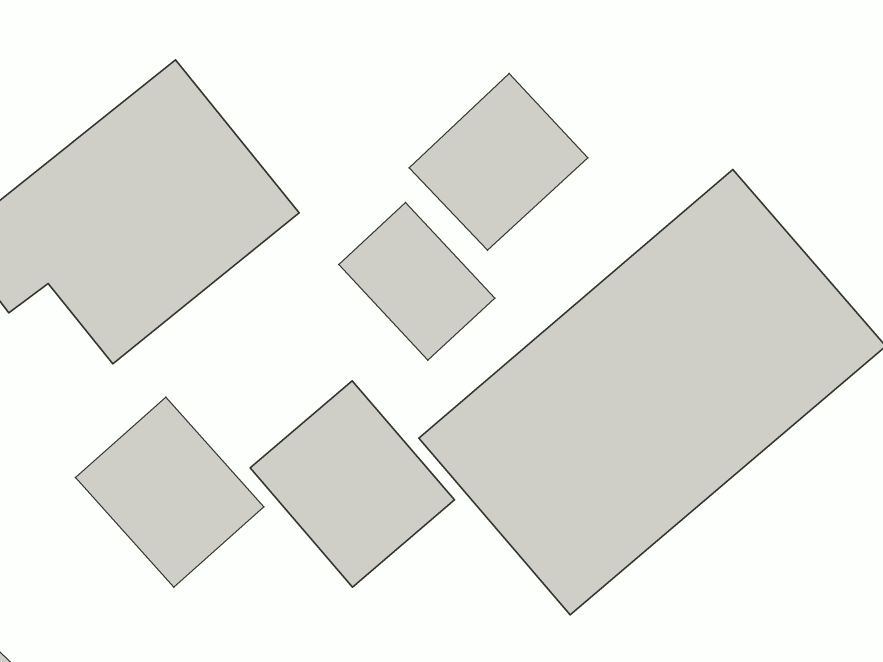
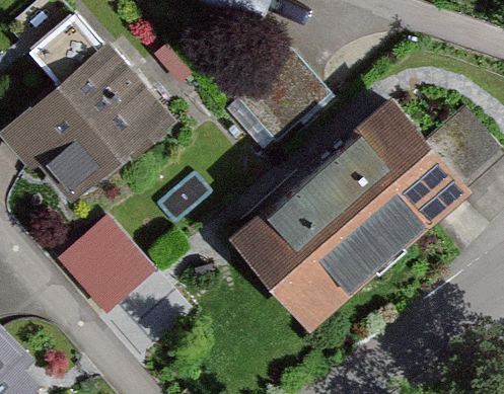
building: [339,202,495,360] -> none
building: [250,381,454,587] -> none

